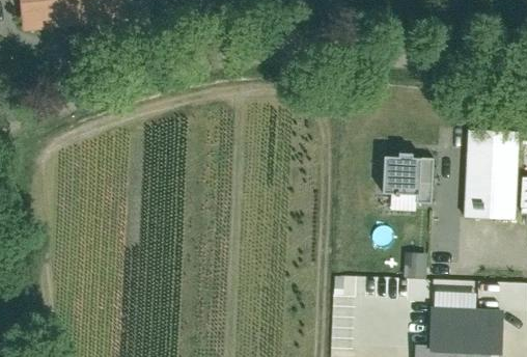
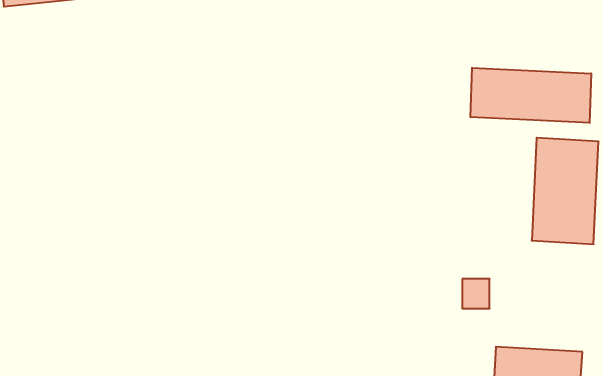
building: none -> [471,68,591,123]
building: [383,156,433,205] -> none

